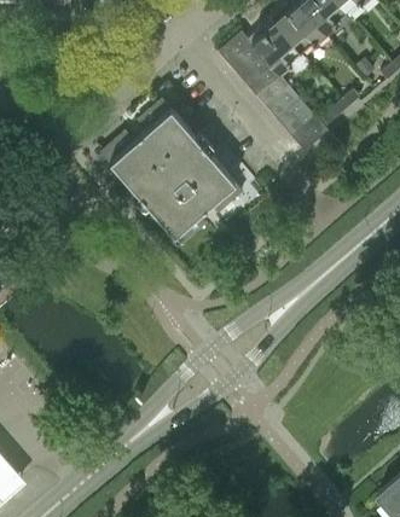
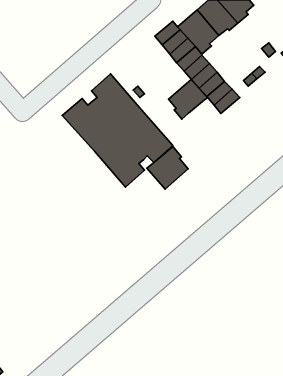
building: none -> [168,79,207,119]
building: none -> [147,147,188,189]

